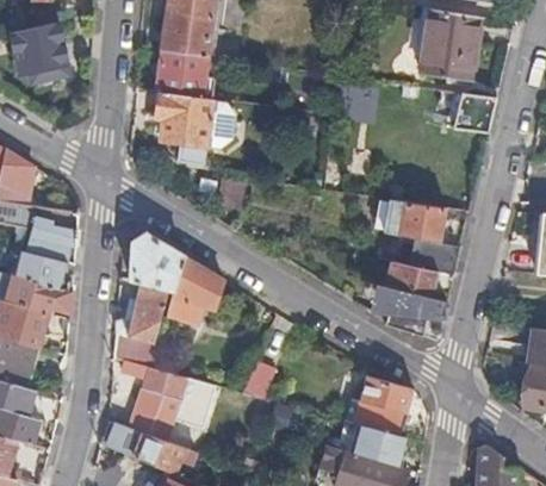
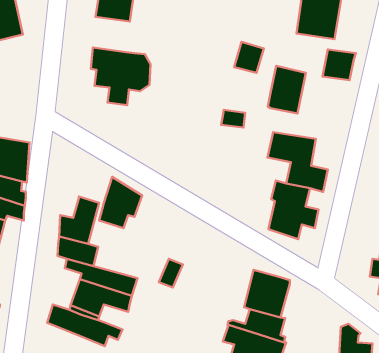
building: [156,51,206,96] -> none
building: none -> [268,66,306,113]
building: [130,232,184,289] -> none

